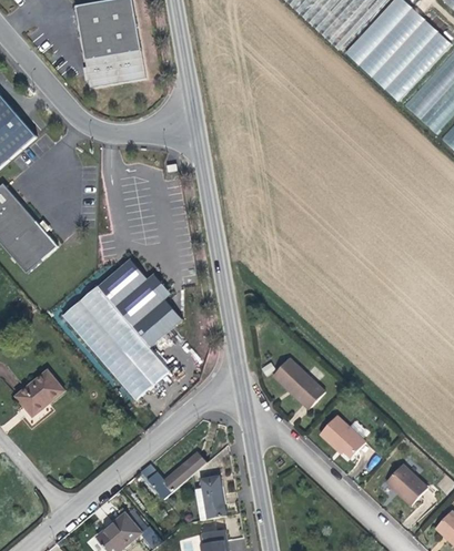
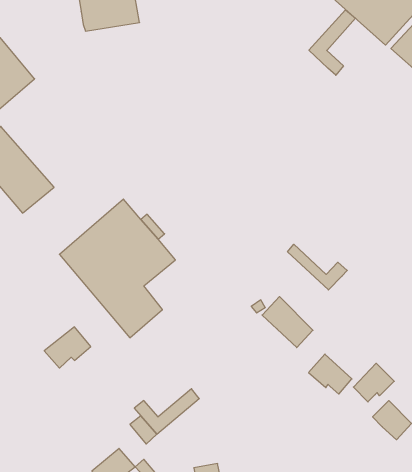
building: none -> [309,10,356,75]
building: none -> [288,244,347,290]
building: [16,369,63,411] -> [44,327,91,368]
building: none -> [353,363,394,402]
building: [201,473,225,518] -> none

